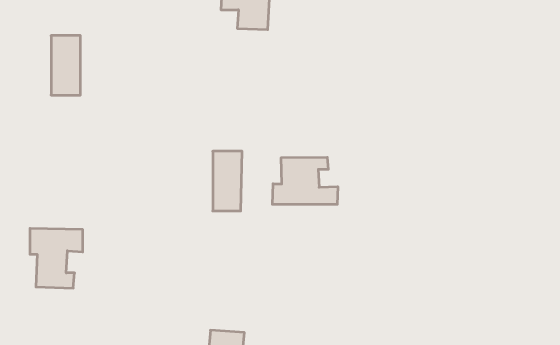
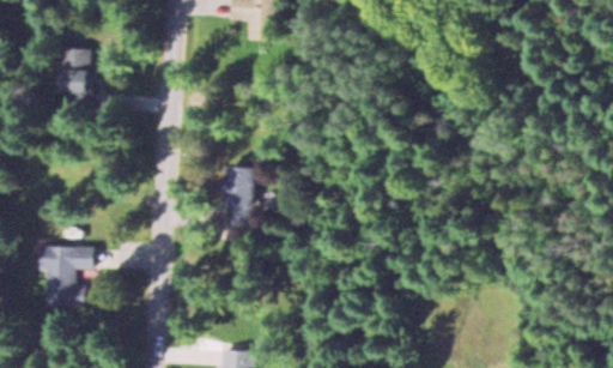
building: [272,157,338,204] -> none

